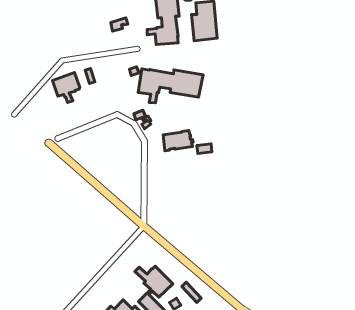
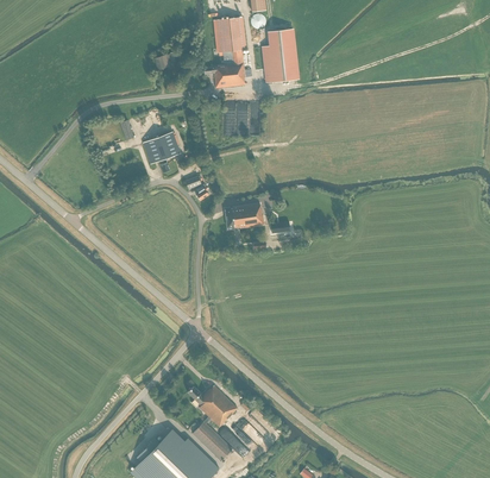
building: [138,69,203,103] -> none
building: [52,72,80,103] -> [143,131,180,171]

